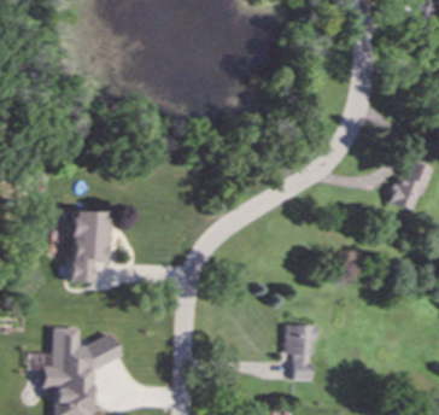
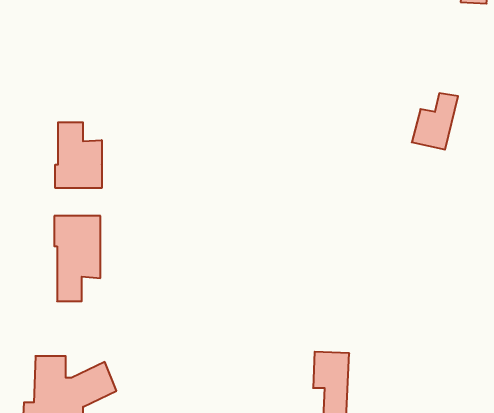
building: none -> [55,122,102,188]
building: [391,162,429,209] -> [412,93,458,150]

